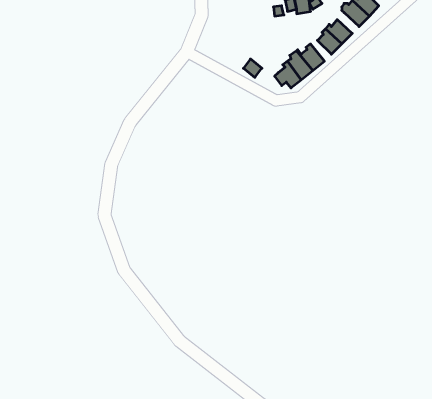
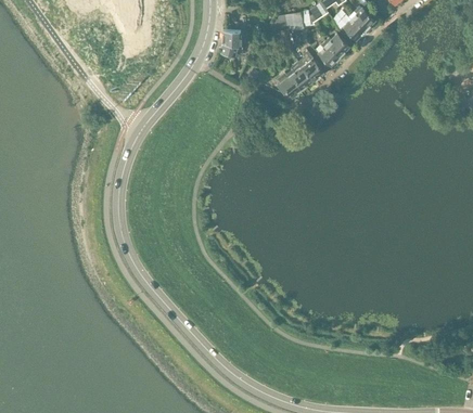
building: none -> [221,29,242,55]

